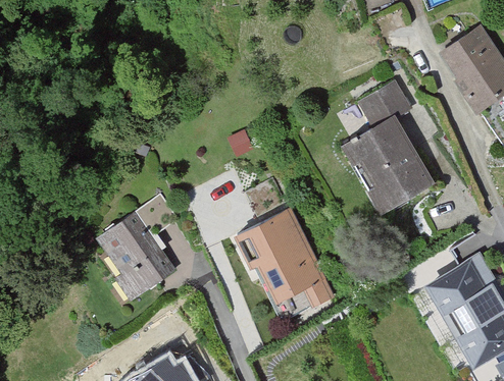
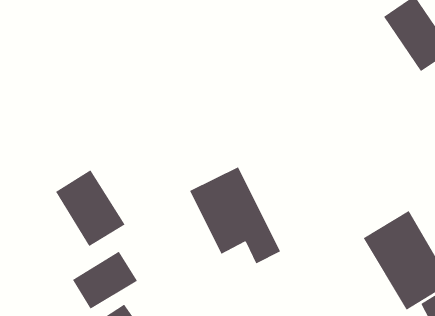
building: [346,85,434,211] -> none
building: none -> [72,251,138,309]

